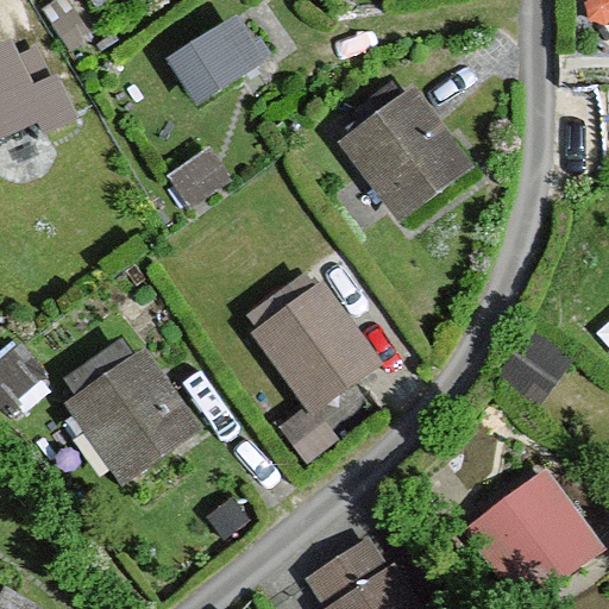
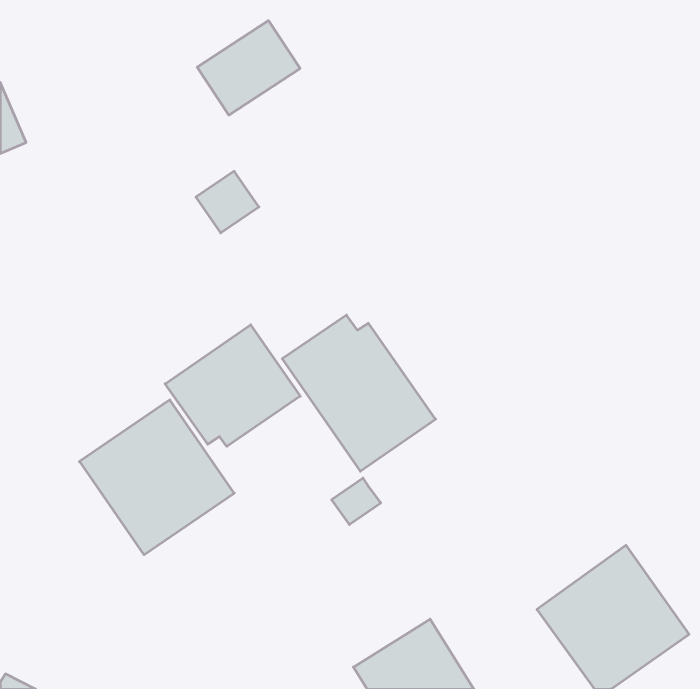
building: [324,92,460,230] -> none
building: none -> [165,325,300,446]

